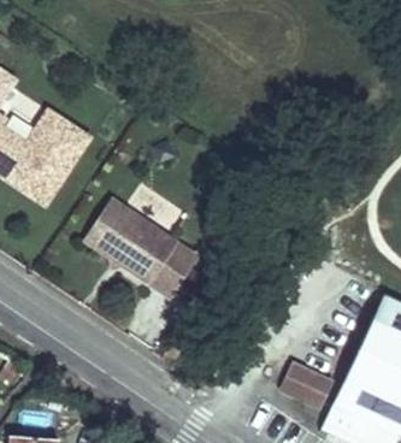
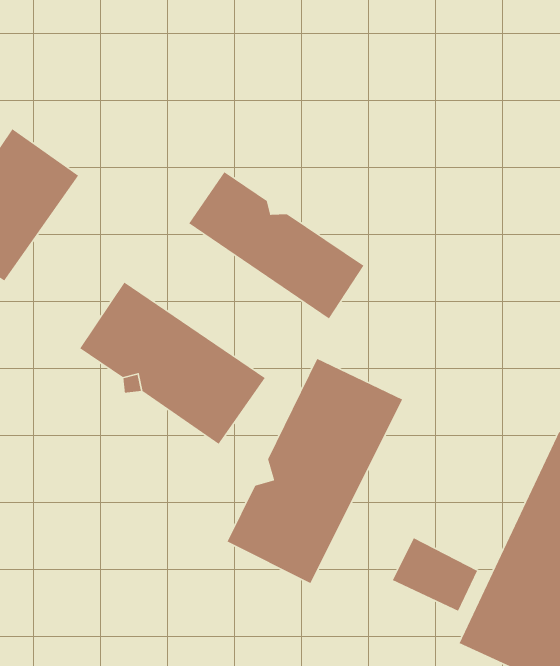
building: none -> [188,171,364,320]
building: none -> [226,358,403,584]

